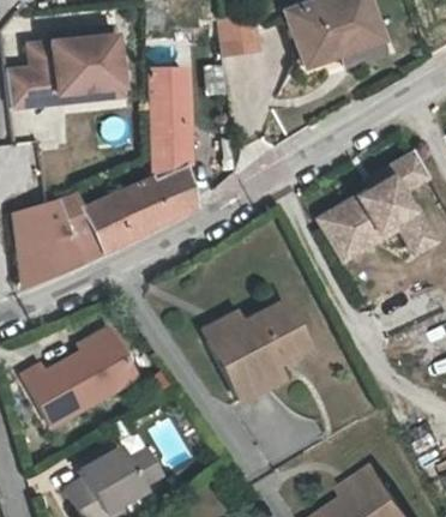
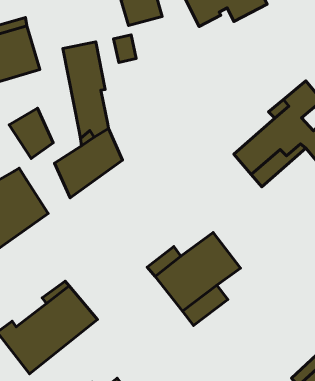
building: [83,194,128,250] -> [9,108,53,158]

